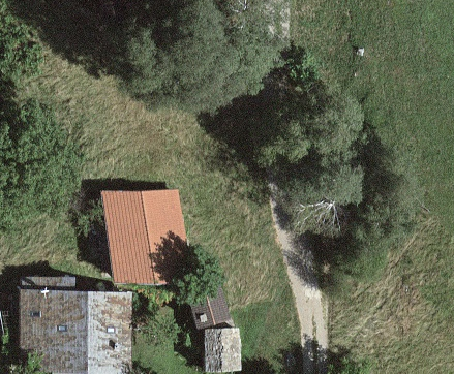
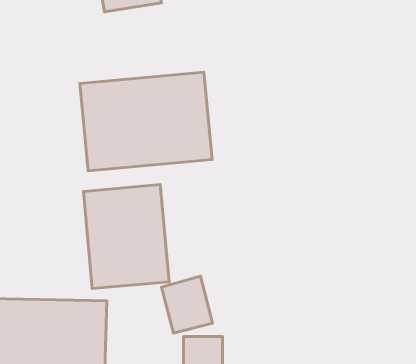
building: none -> [80,72,212,171]

